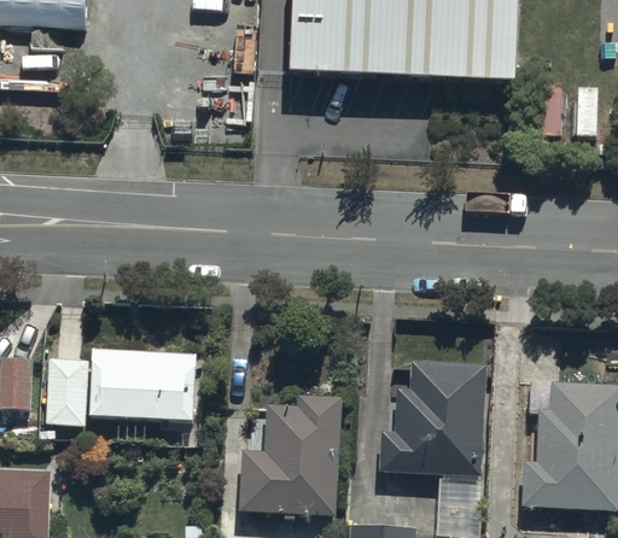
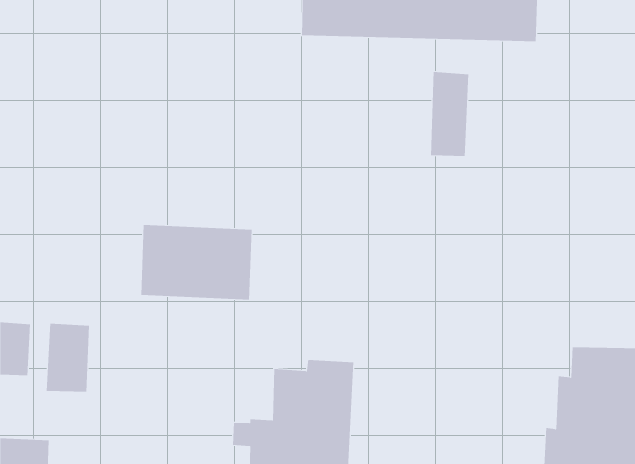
building: none -> [431,71,469,157]
building: [89,352,197,425] -> [140,225,252,300]
building: [377,358,485,473] -> none

